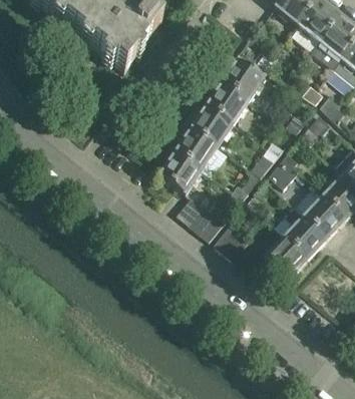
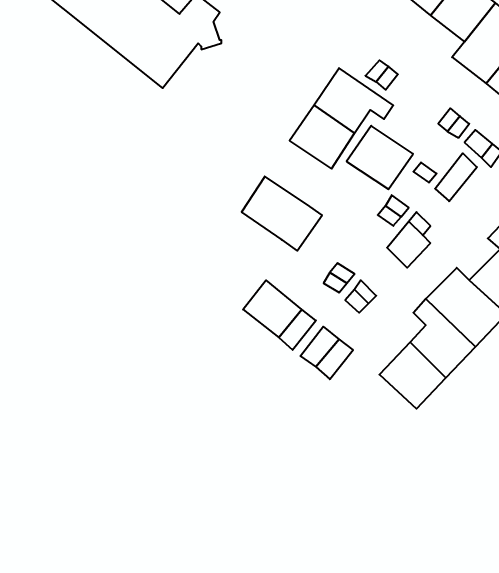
building: [191,105,234,146] -> [347,126,413,189]
building: [159,151,202,193] -> none

